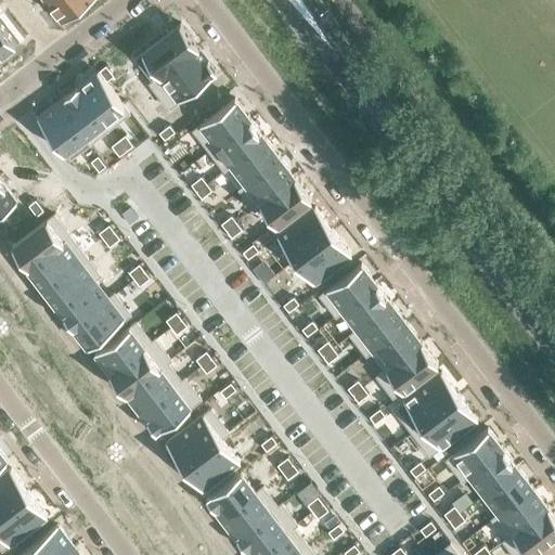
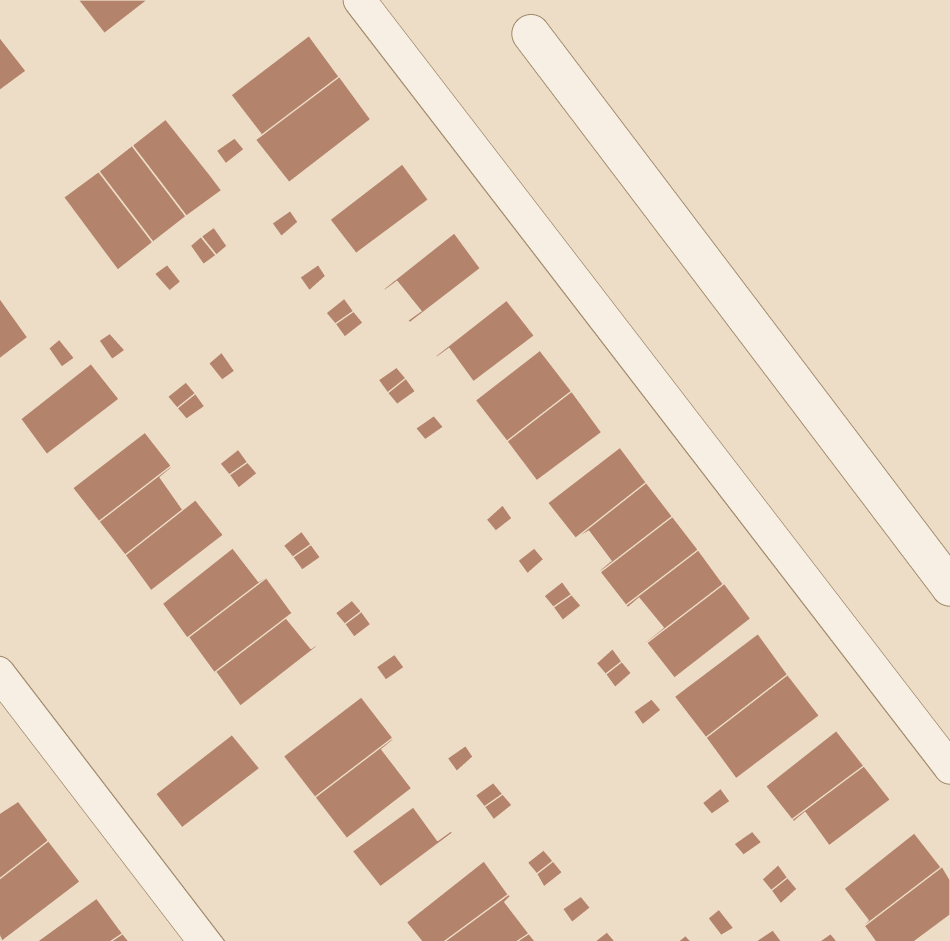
building: [207,122,264,175] -> none
building: [238,163,295,214] -> none
building: [27,238,85,291] -> none
building: [140,383,201,437] -> [156,735,260,828]
building: [482,472,532,524] -> none
building: [221,491,282,543] -> none

